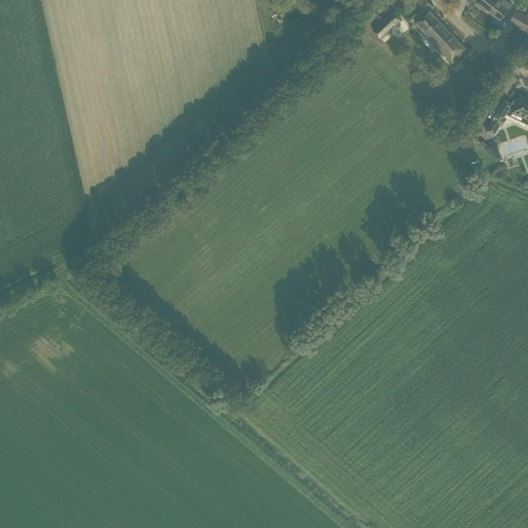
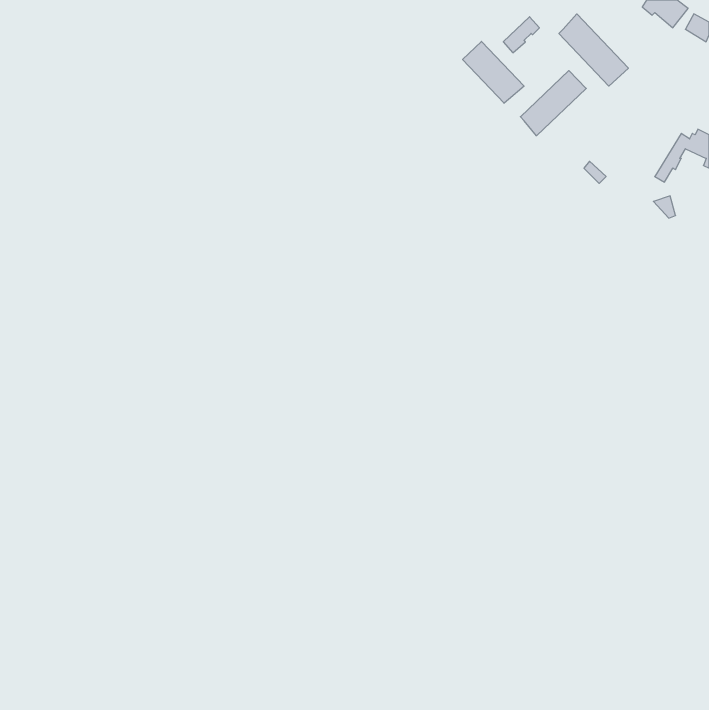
building: none -> [463,41,524,103]
building: none -> [520,71,586,136]

